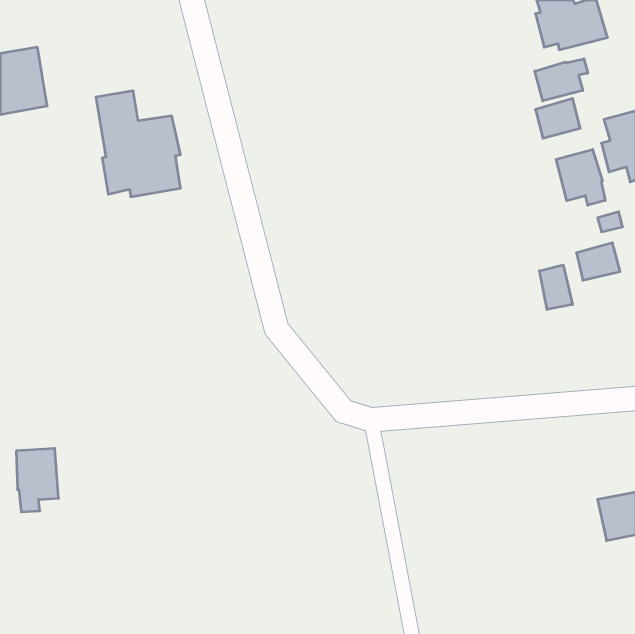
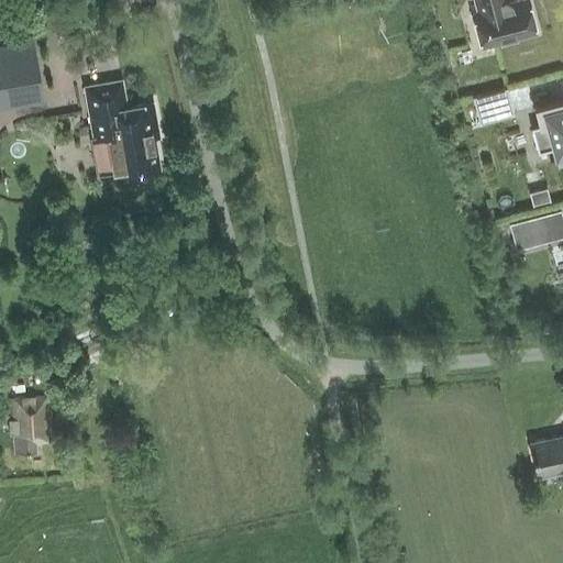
building: [535,59,588,101] -> none
building: [556,149,605,205] -> none
building: [539,265,573,310] -> none

